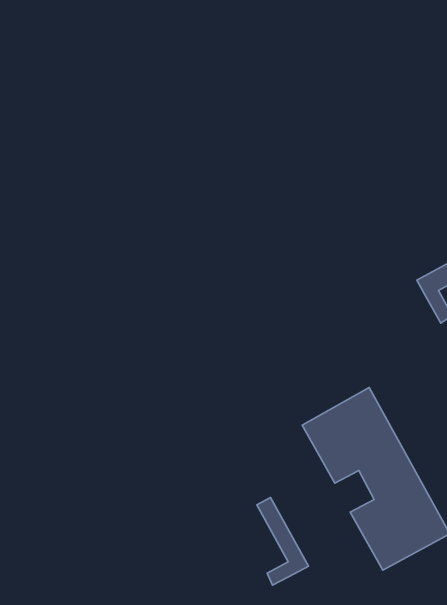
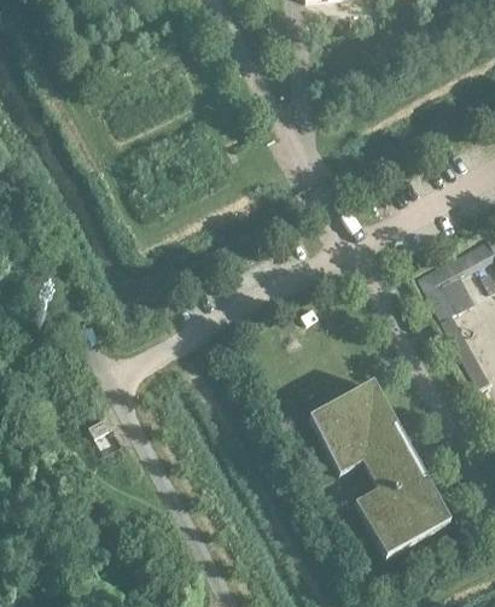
building: [257,497,308,585] -> none

